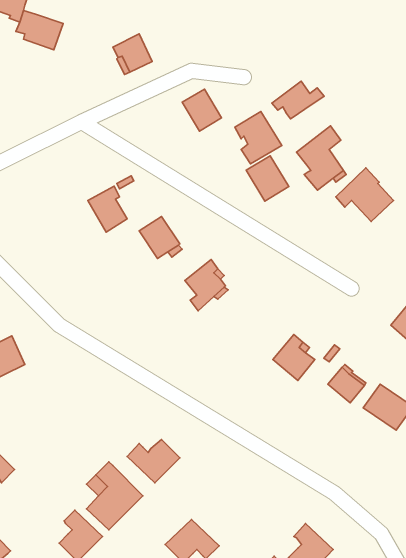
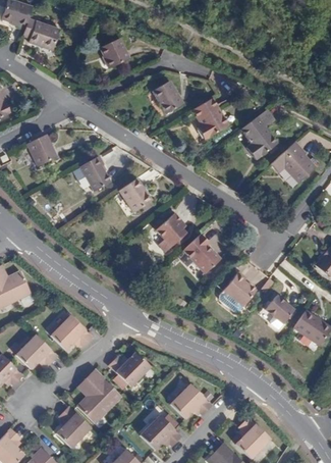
building: [272,81,324,119] -> none
building: [246,156,289,201] -> none
building: none -> [26,134,57,166]
building: none -> [183,234,220,273]
building: none -> [51,316,92,350]
building: none -> [16,335,58,369]
building: none -> [170,382,211,417]

